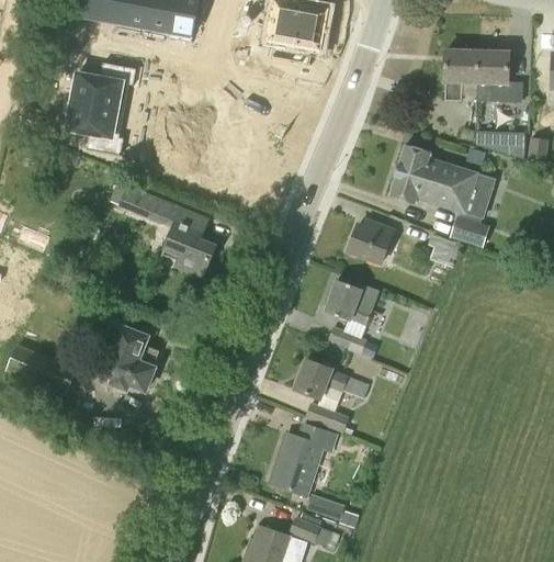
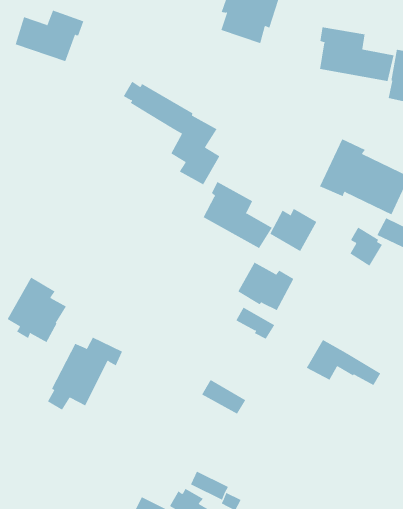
building: none -> [320,26,394,82]
building: [67,100,123,154] -> none
building: [110,183,214,276] -> [123,81,220,185]
building: none -> [203,181,273,249]
building: [294,359,369,398] -> [306,339,381,386]
building: [268,425,335,502] -> [47,337,123,411]

